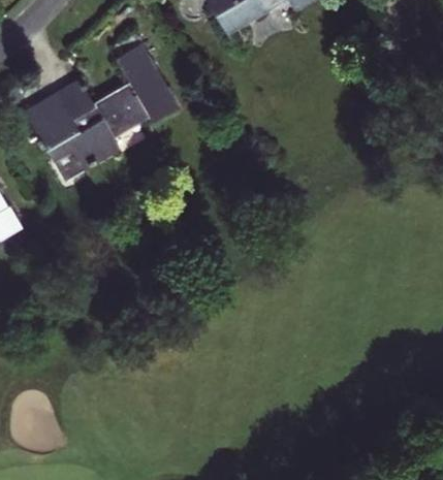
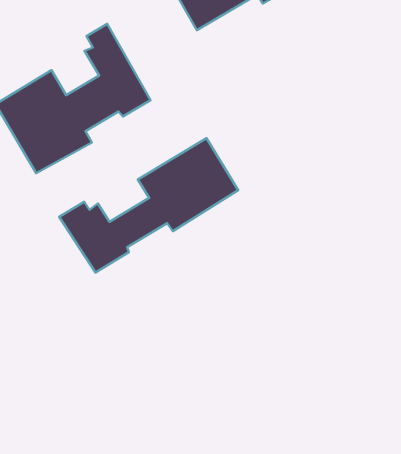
building: none -> [59,138,238,272]

